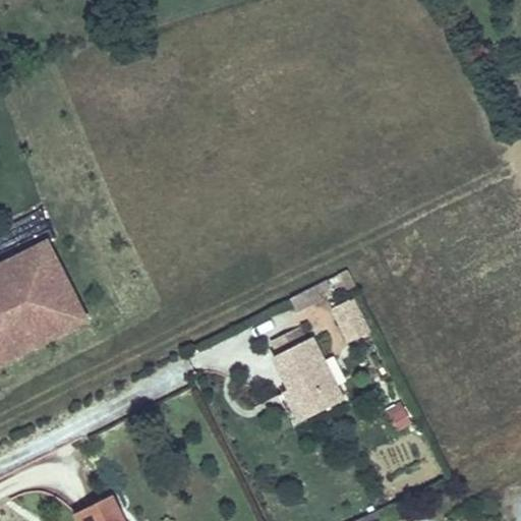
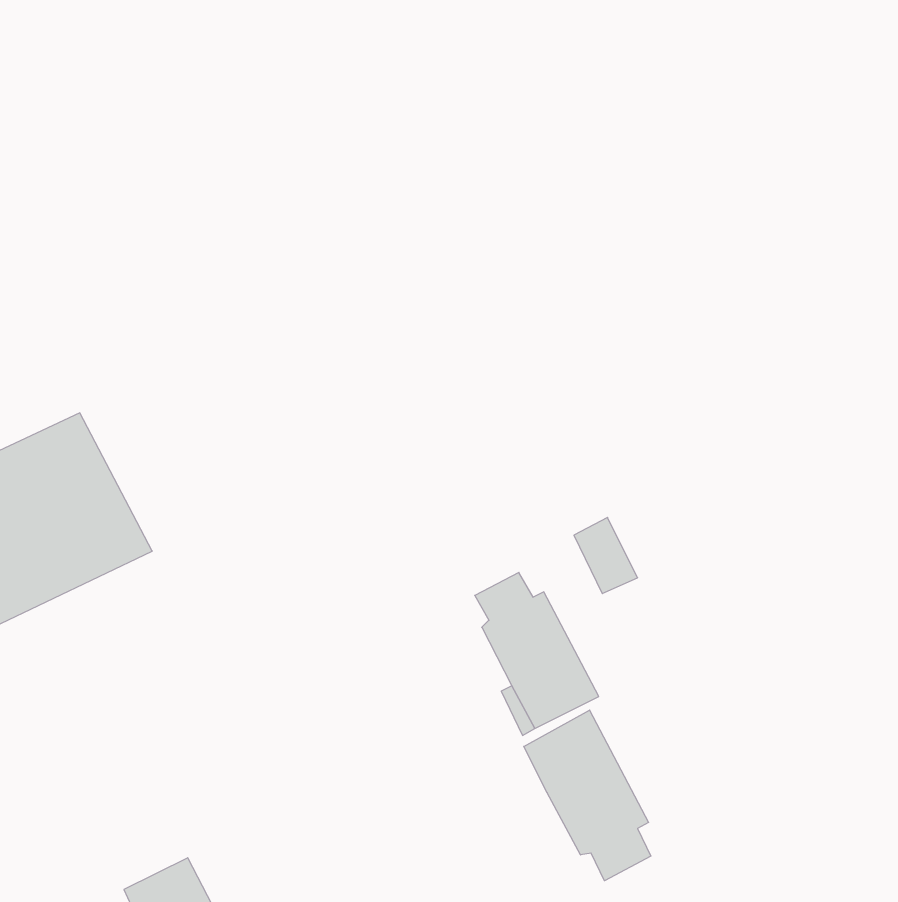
building: none -> [524,710,651,881]

